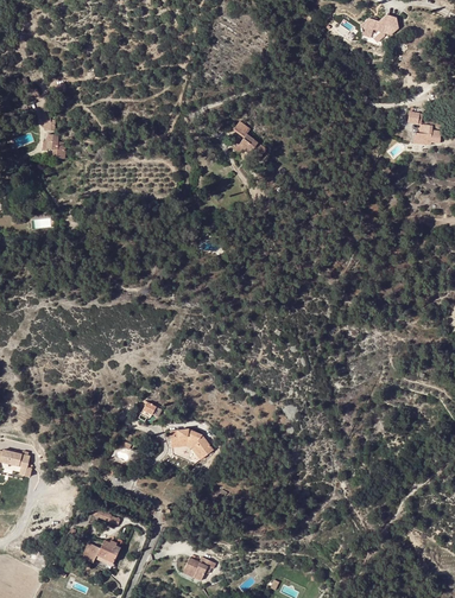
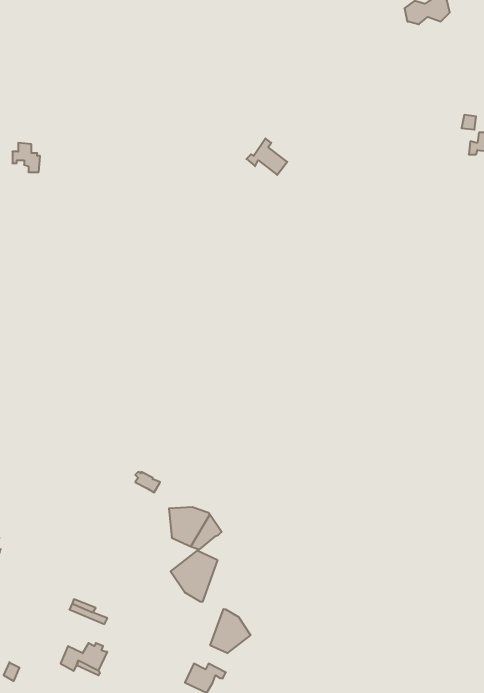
building: none -> [171,551,217,602]
building: none -> [210,609,250,653]

